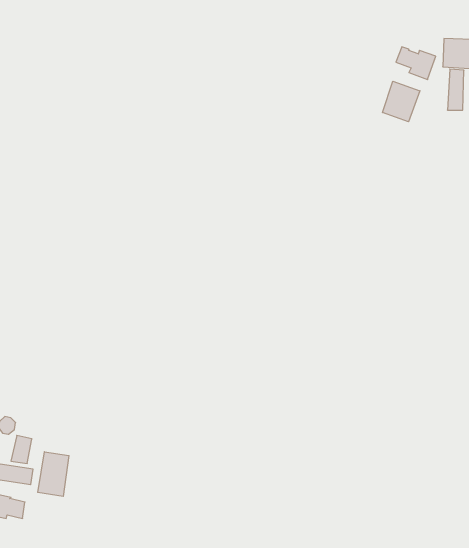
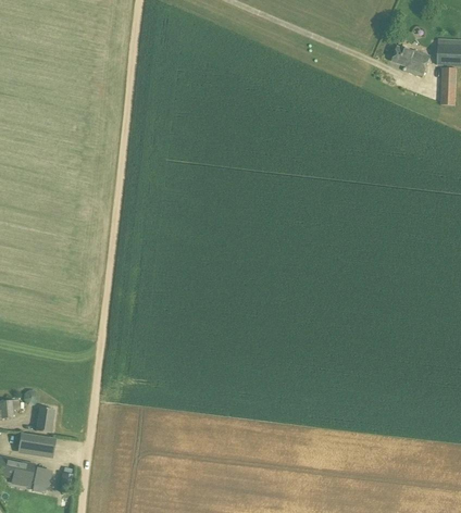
building: [383,81,420,122] -> none
building: [38,452,69,496] -> none

